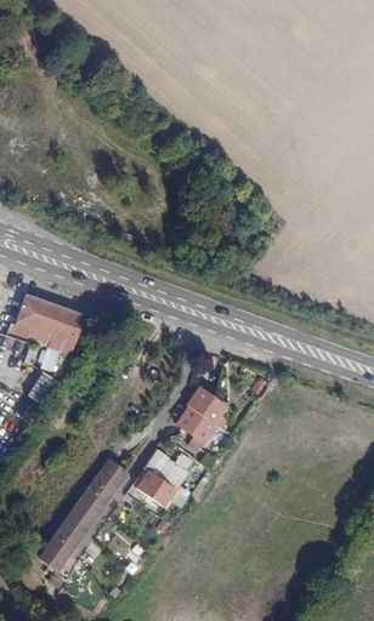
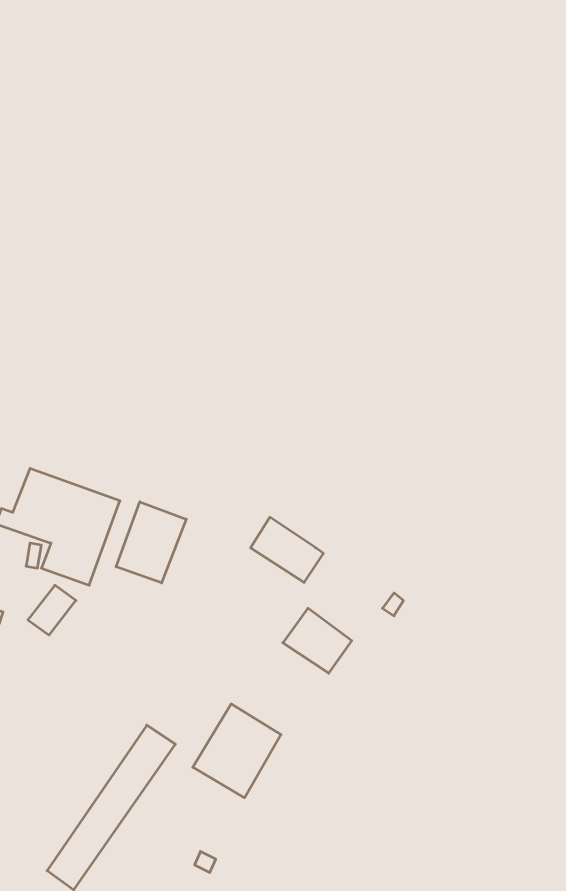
building: none -> [116,502,186,583]
building: [177,409,223,450] -> [251,517,323,582]

